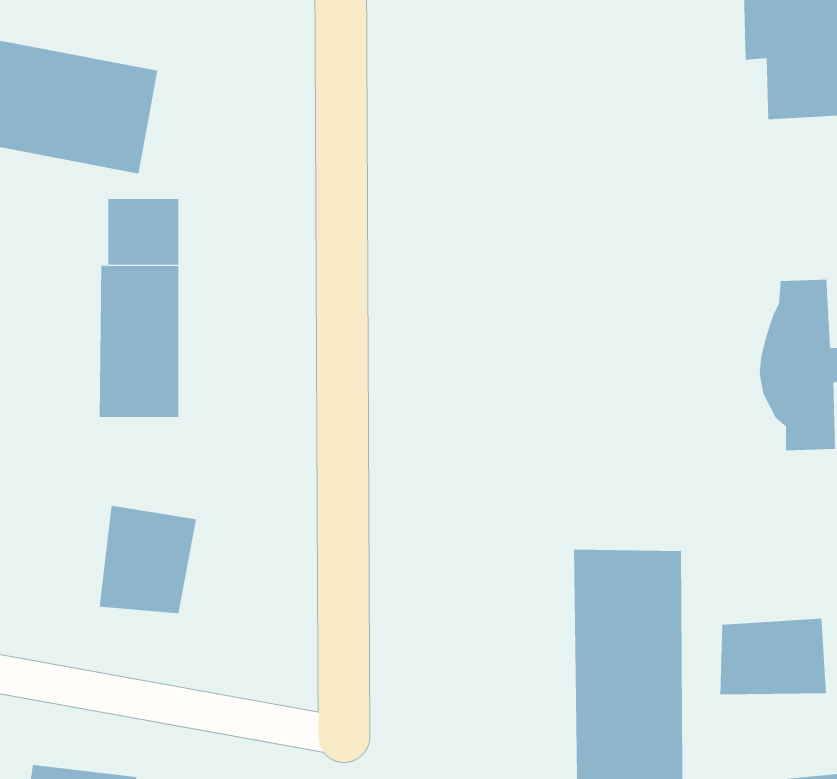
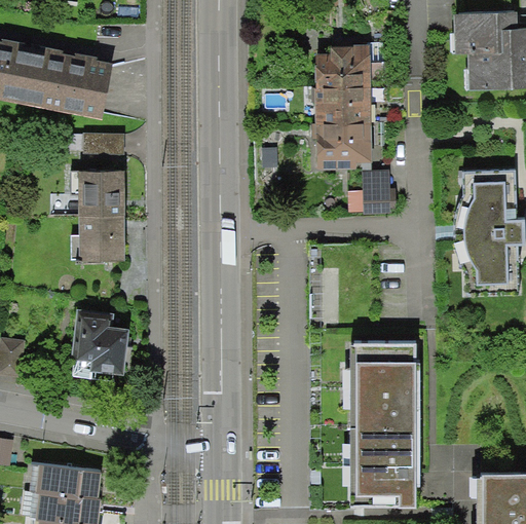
building: none -> [315,45,392,215]
building: [720,618,827,695] -> none

